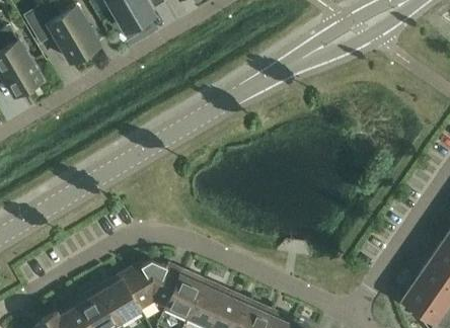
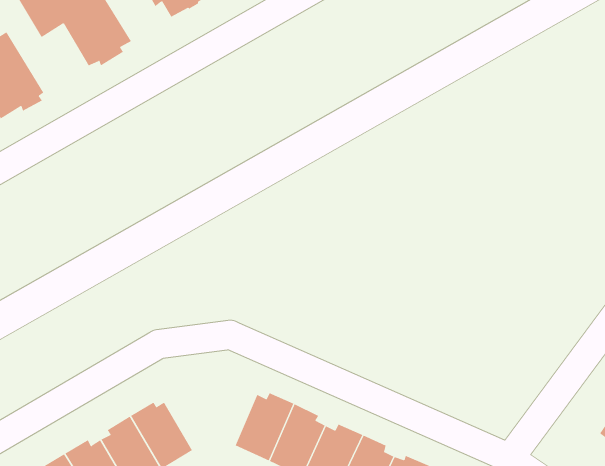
building: [121,261,180,311] -> none

